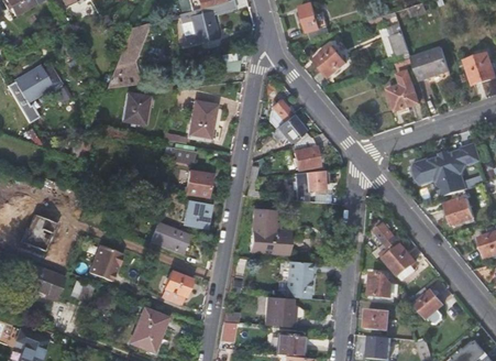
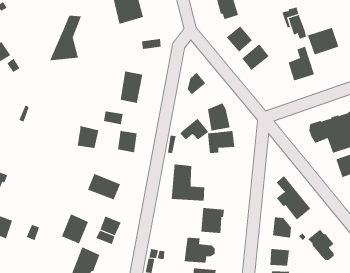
building: none -> [241,43,269,71]
building: [122,91,150,123] -> none
building: [269,113,305,140] -> [179,118,209,140]
building: [184,199,210,227] -> [77,125,99,149]
building: [89,244,122,281] -> [61,213,89,244]

